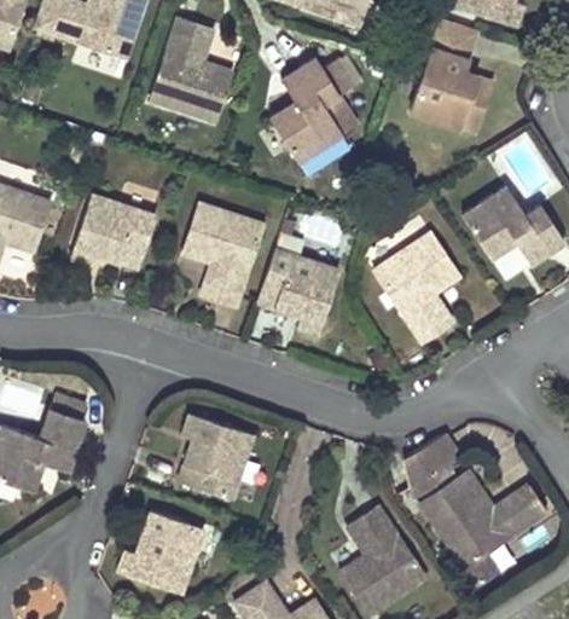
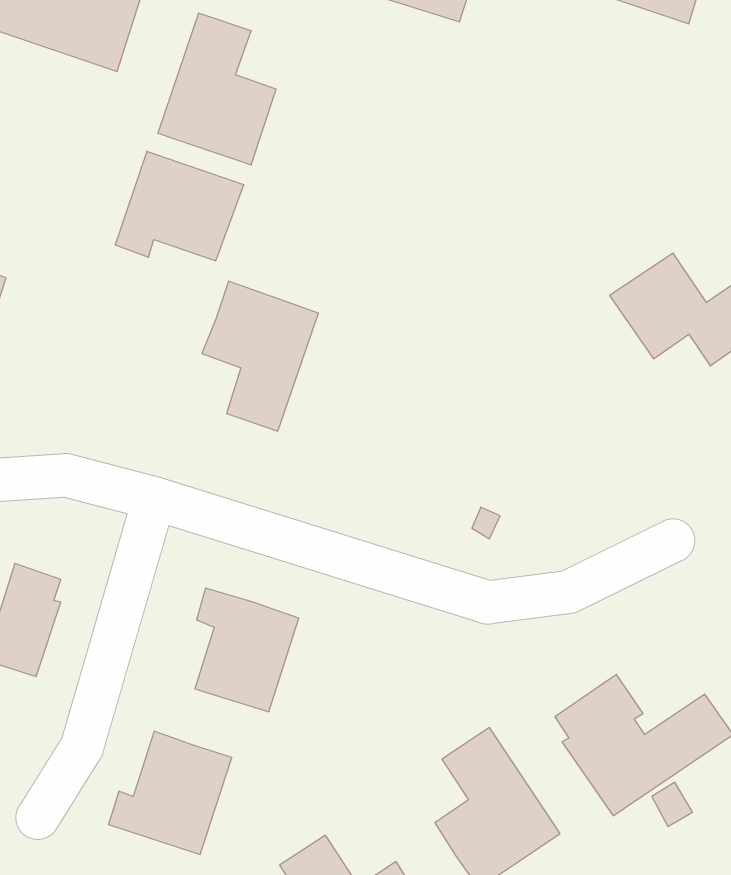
building: [410,18,489,132] -> none
building: [263,54,356,164] -> none
building: [69,191,157,266] -> [115,151,244,261]
building: [373,231,458,341] -> none
building: [256,249,338,334] -> none
building: [403,432,458,485] -> none

